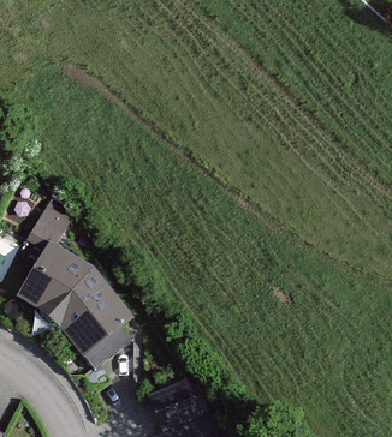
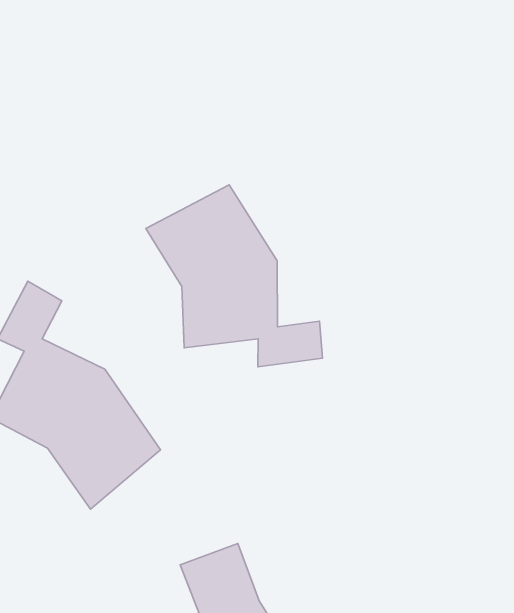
building: none -> [146,185,322,367]

